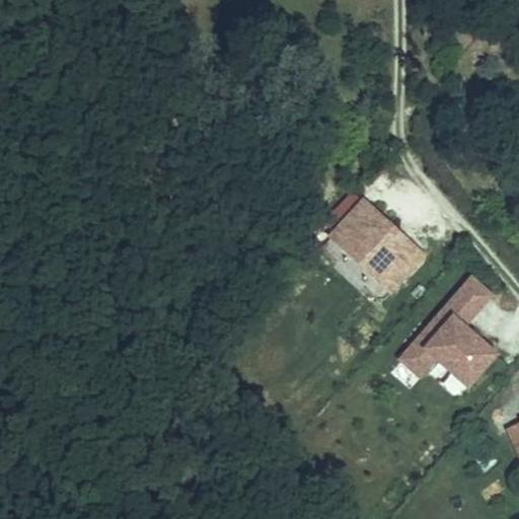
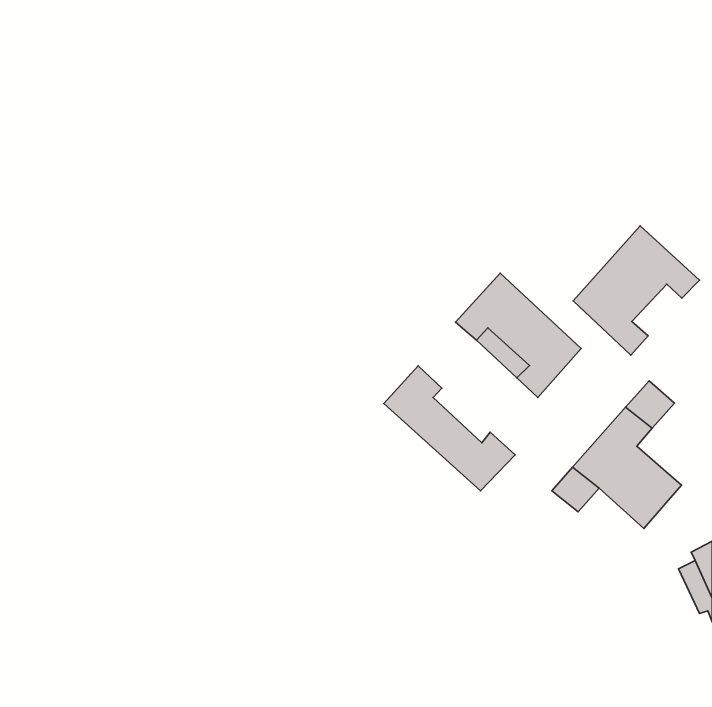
building: none -> [573,226,700,355]
building: none -> [384,366,515,491]

